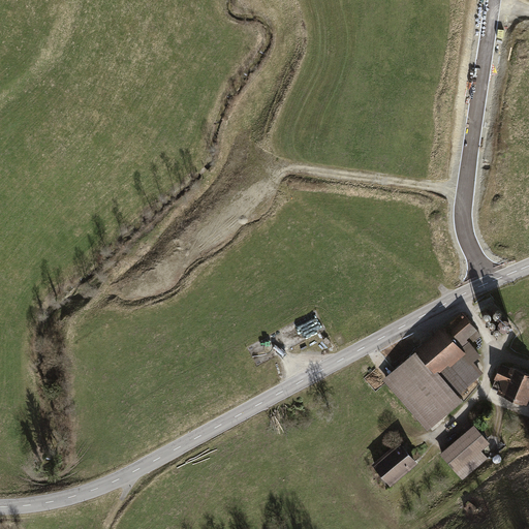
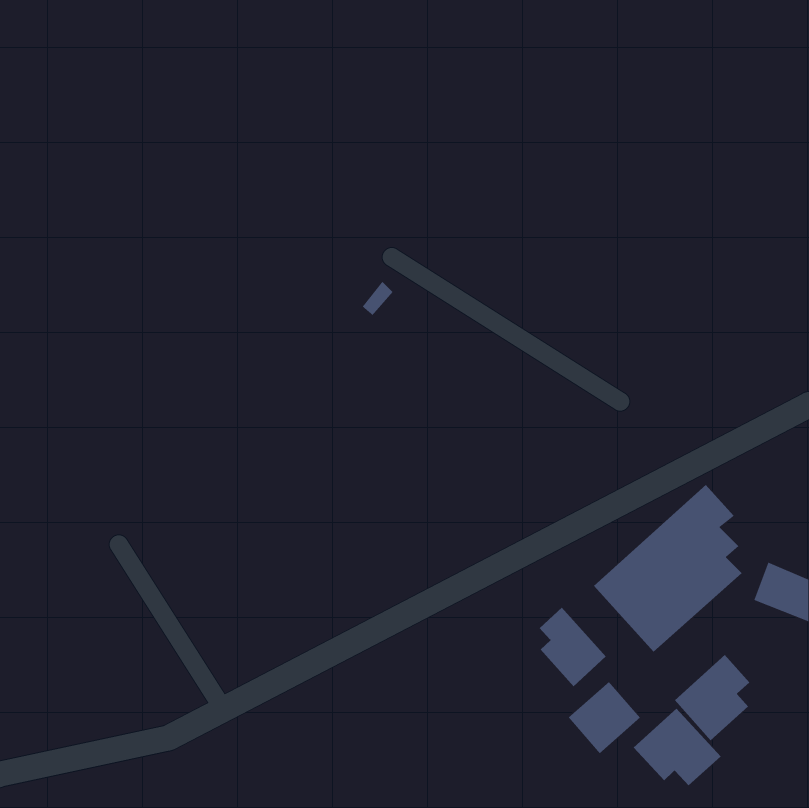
building: none -> [539,607,606,687]
building: none -> [633,708,722,786]

